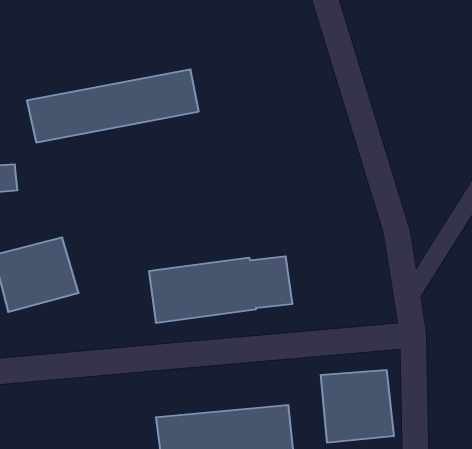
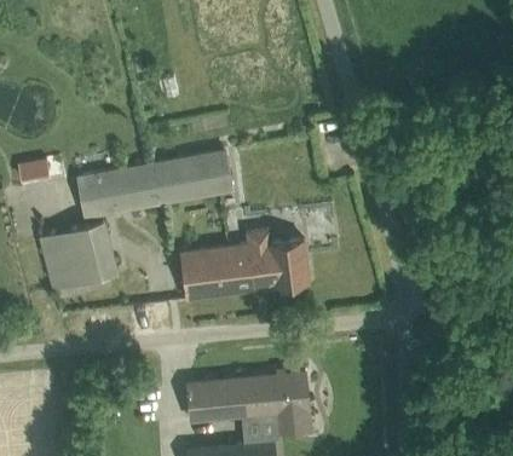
building: [27,69,199,142] -> [79,152,232,218]
building: [321,370,394,443] -> none

